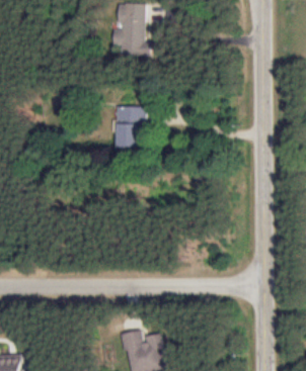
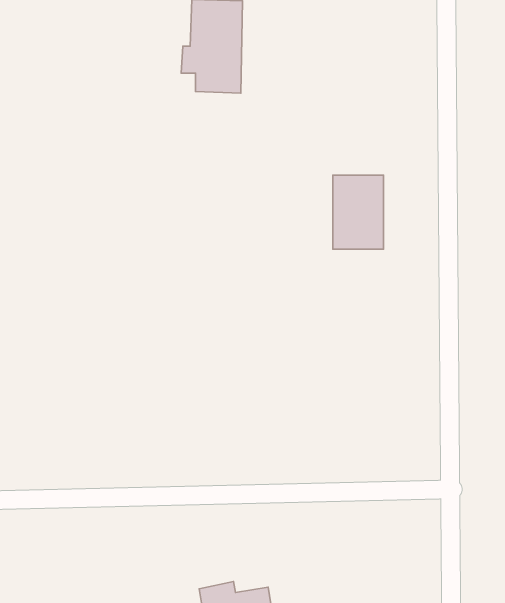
building: [116,106,144,148] -> [333,175,383,249]

